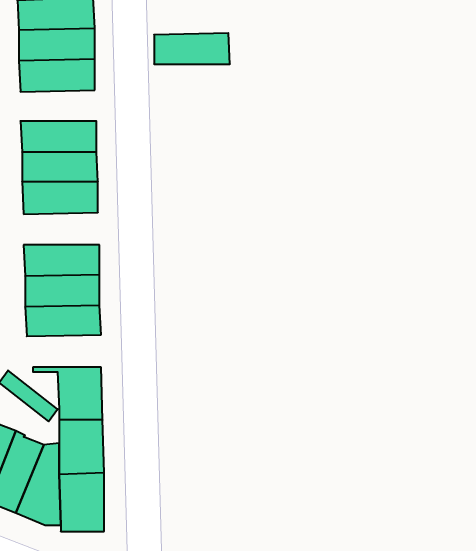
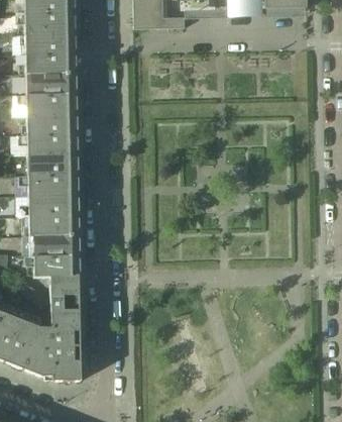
building: [154,33,230,64] -> [25,92,75,112]
building: none -> [27,172,77,193]
building: none -> [29,251,78,273]

